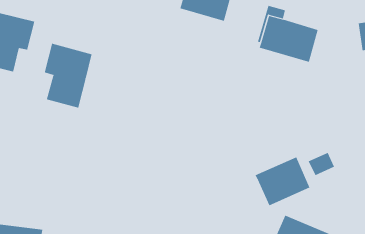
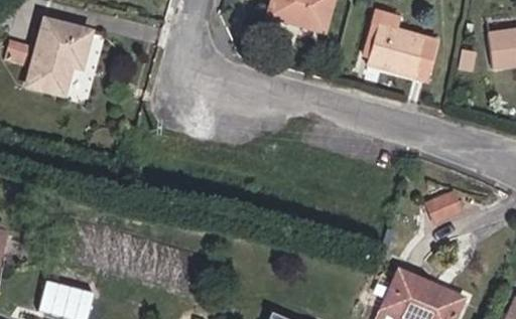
building: [44,43,92,108] -> none
building: [255,156,310,206] -> none

